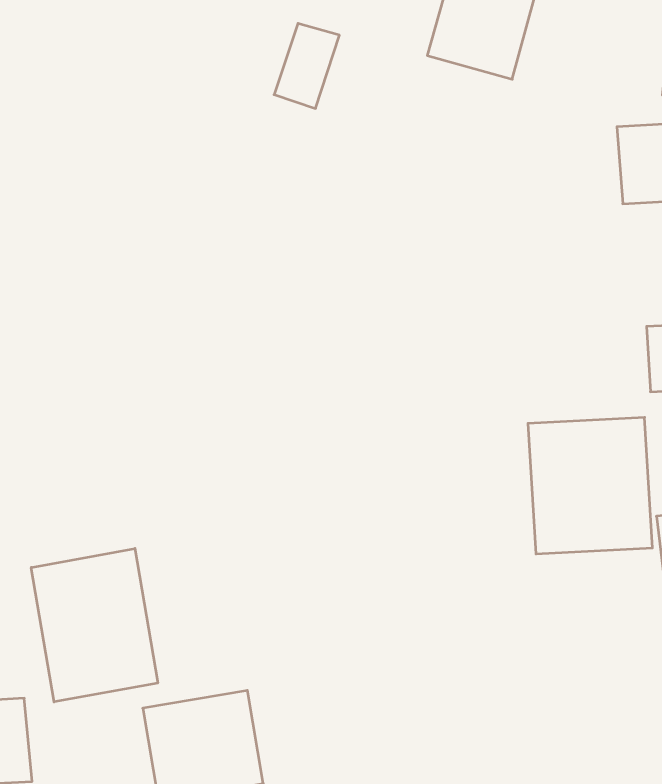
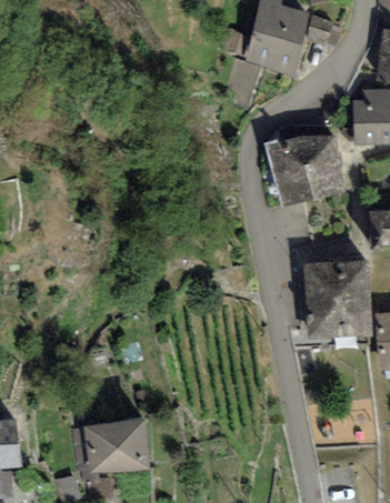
building: [274,23,339,108] -> [227,61,263,109]
building: none -> [269,131,346,202]
building: [31,548,158,702] -> none

